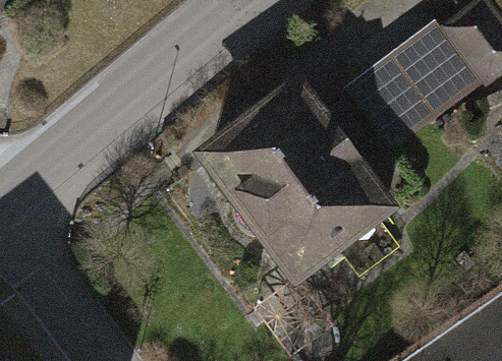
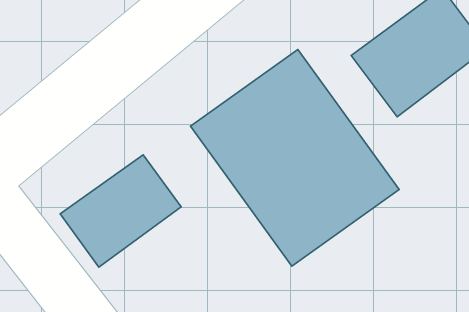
building: none -> [60,155,181,267]

